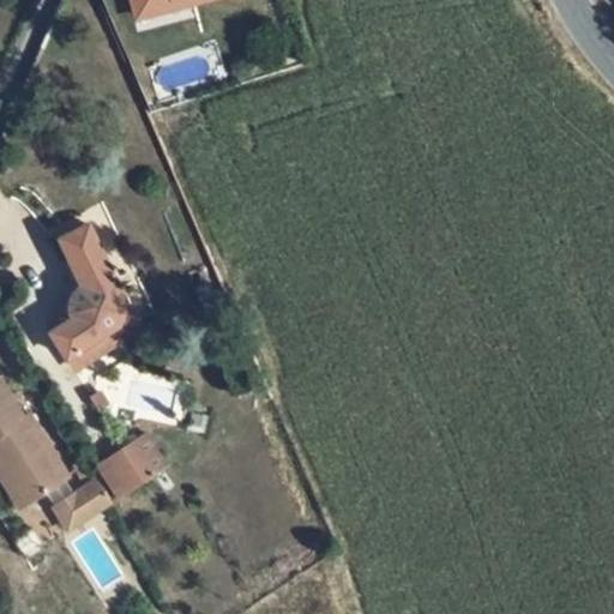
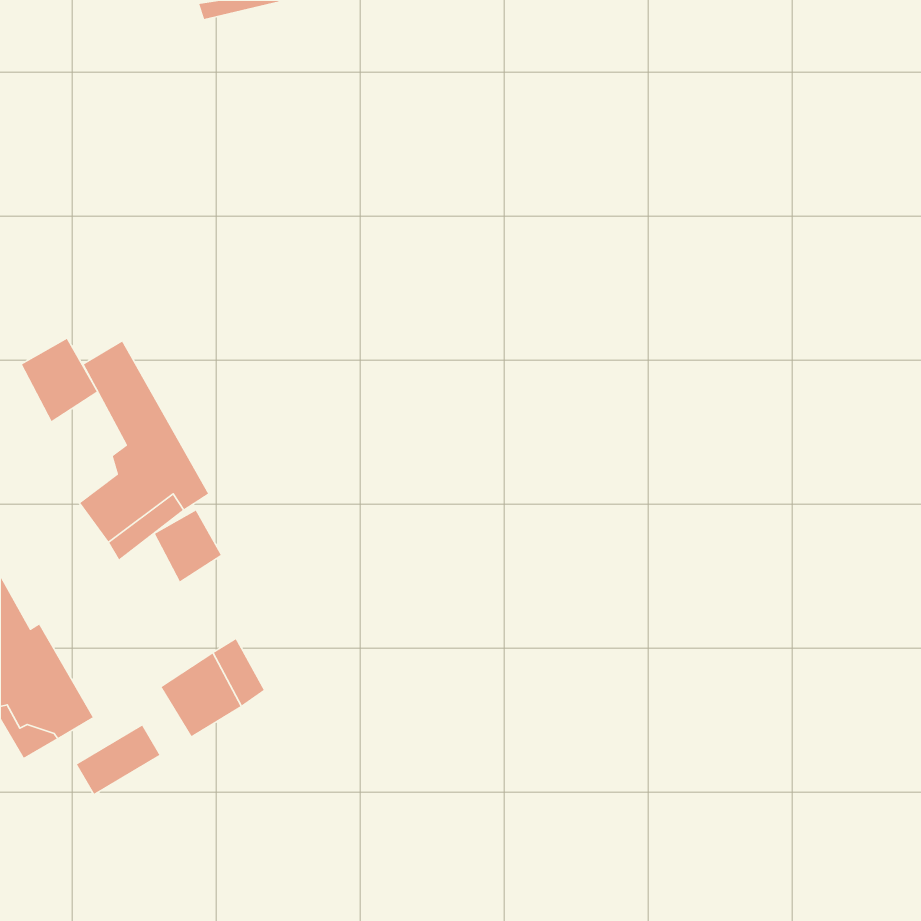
building: none -> [21,338,98,422]
building: none -> [154,510,222,582]

